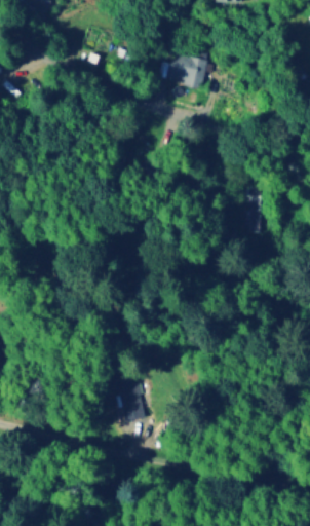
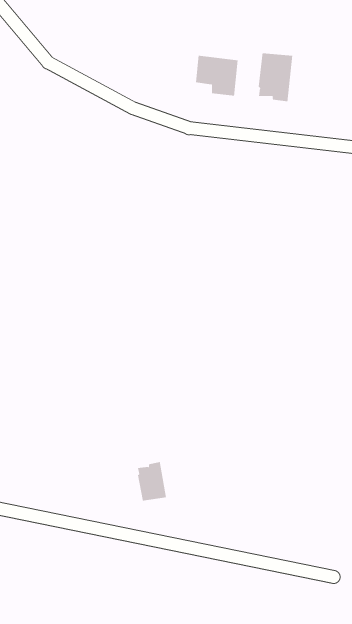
building: none -> [258,53,293,102]

